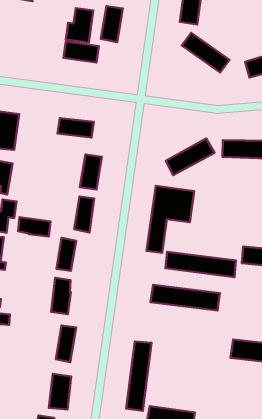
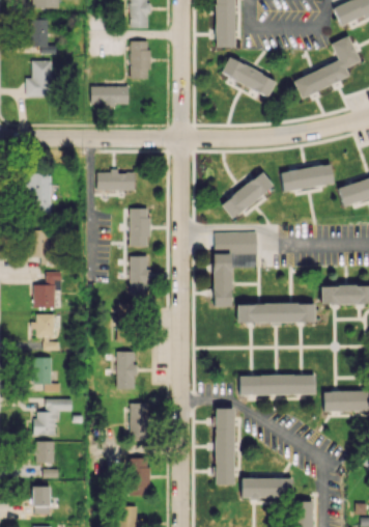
building: [66,8,93,43] -> [26,60,52,96]
building: [18,217,51,236] -> none
building: [151,285,220,311] -> [239,375,315,395]

